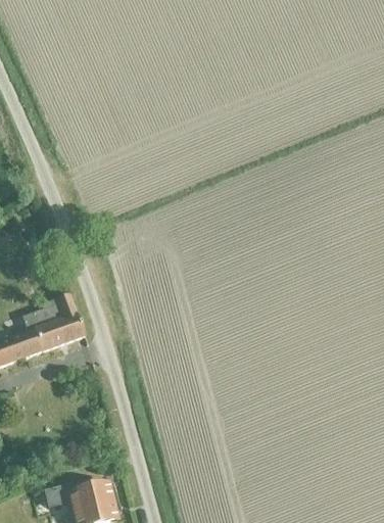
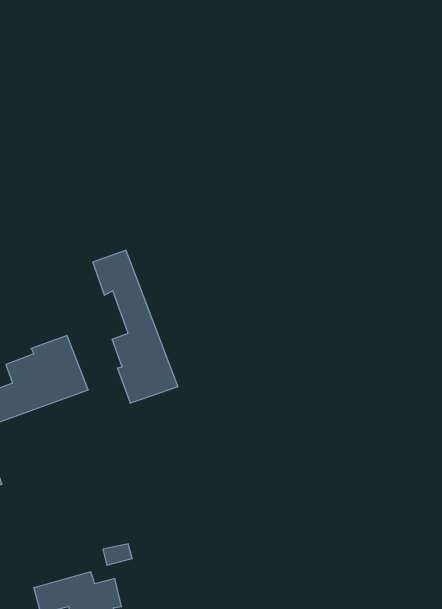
building: none -> [93,250,178,403]

